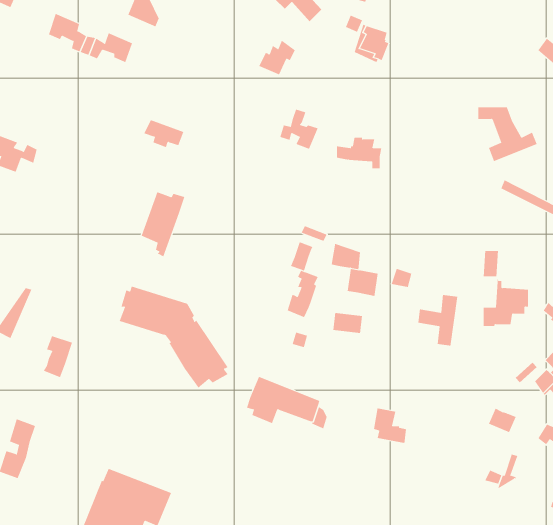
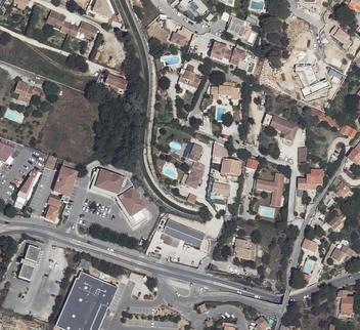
building: none -> [210,43,244,66]
building: [141,191,185,257] -> [53,165,79,203]
building: none -> [262,114,298,141]

